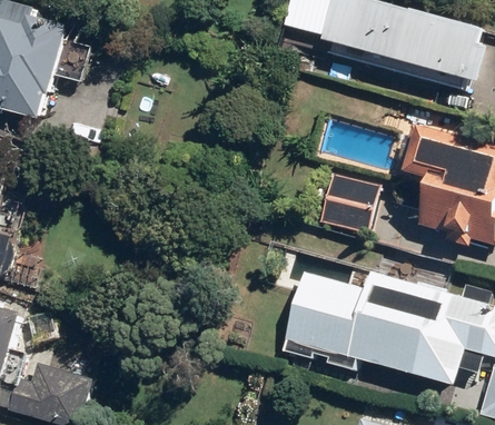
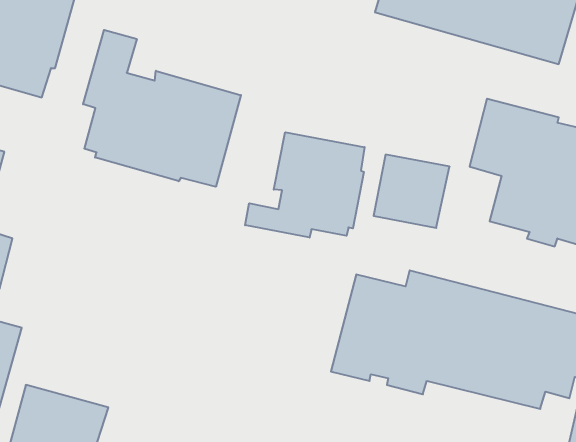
building: none -> [83,30,241,187]
building: none -> [245,132,365,238]

